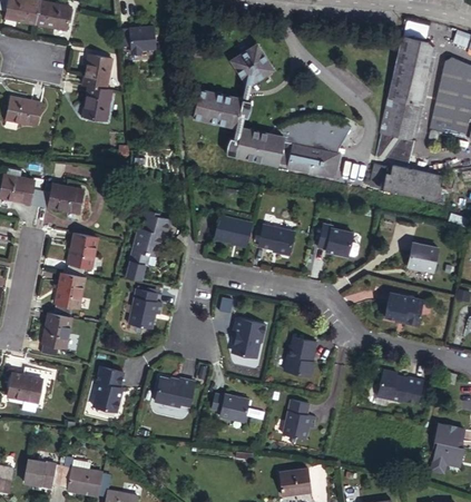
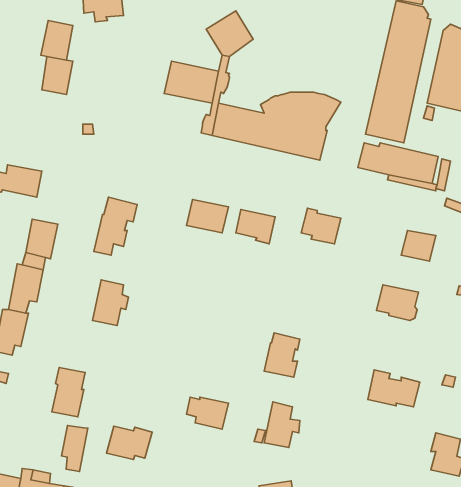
building: [232,316,266,356] -> none
building: [154,375,195,405] -> [106,426,152,459]
building: none -> [62,425,88,472]

